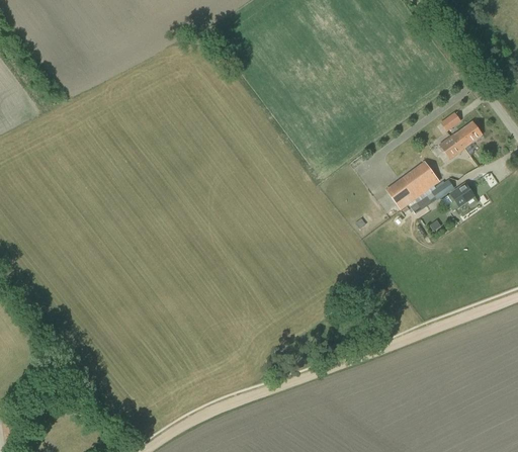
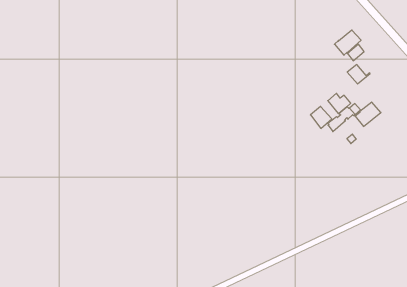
building: [450,119,483,149] -> [334,30,361,55]

